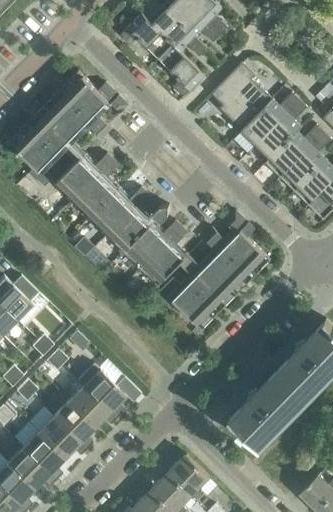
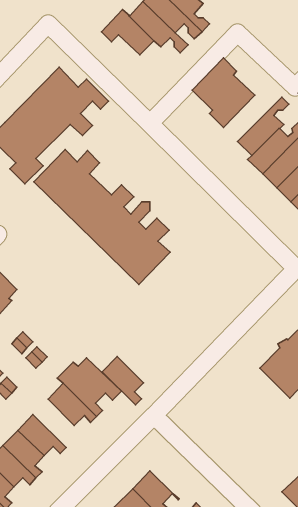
building: [159,45,205,97] -> none
building: [242,93,300,145] -> none
building: [156,211,271,330] -> none
building: [230,370,308,449] -> none
building: [53,401,94,449] -> [102,357,143,405]
building: [169,454,210,500] -> none

